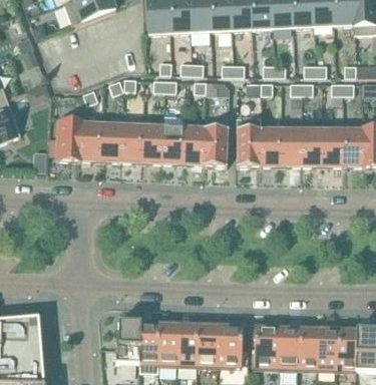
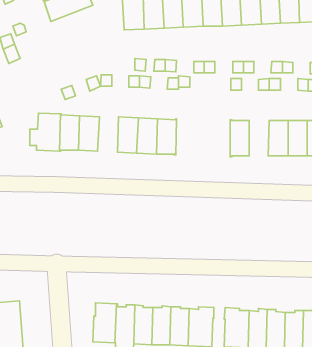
building: [236,116,262,165] -> none
building: [120,123,142,160] -> none
building: [203,125,229,164] -> none
building: [280,127,301,164] -> none

